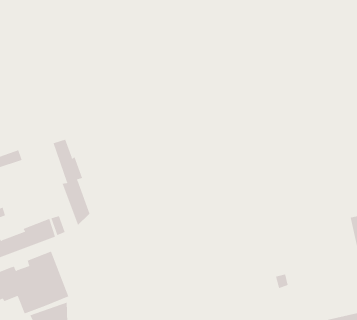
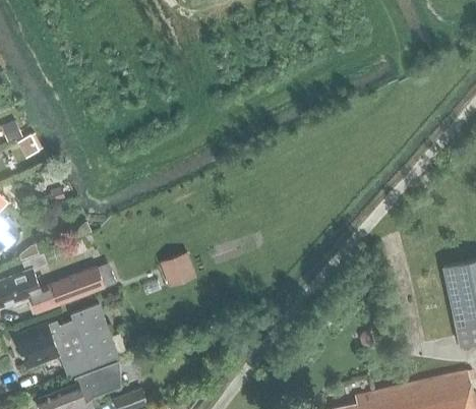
building: [53,139,90,226] -> none
building: none -> [160,252,195,287]

